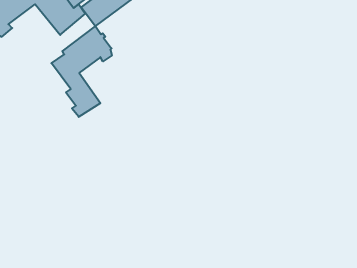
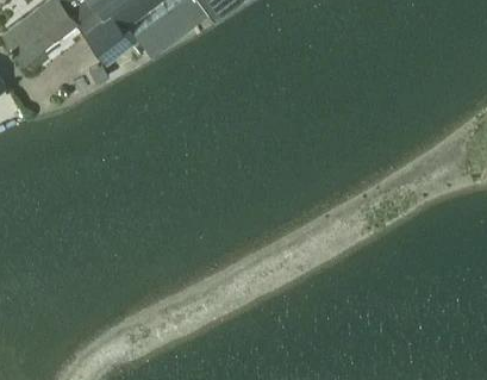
building: [51,26,112,117] -> none

